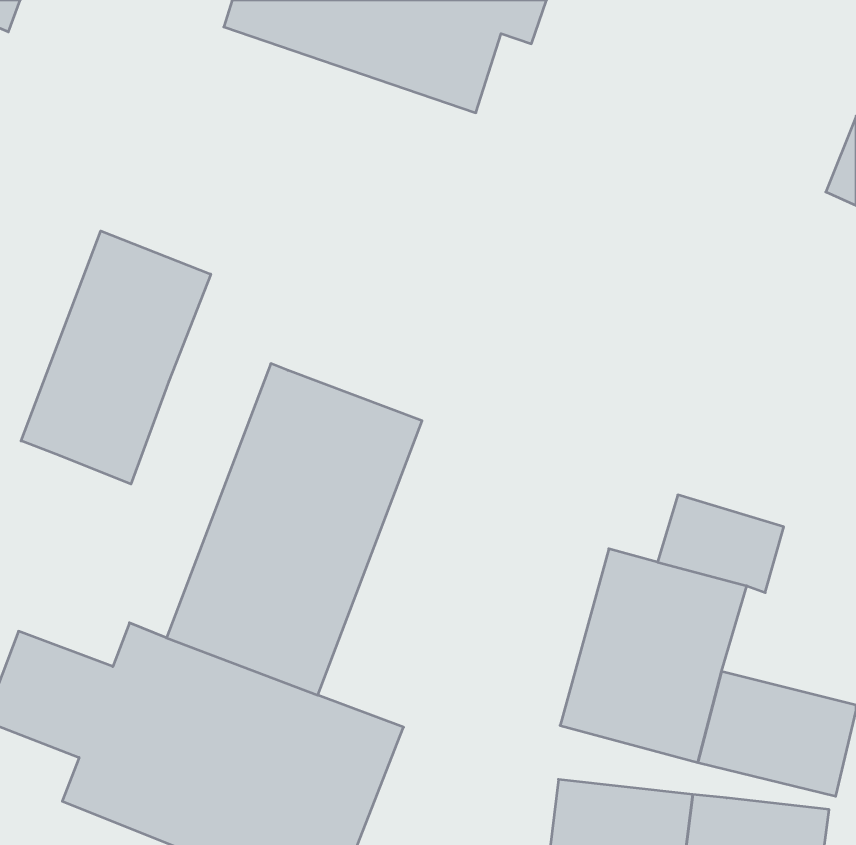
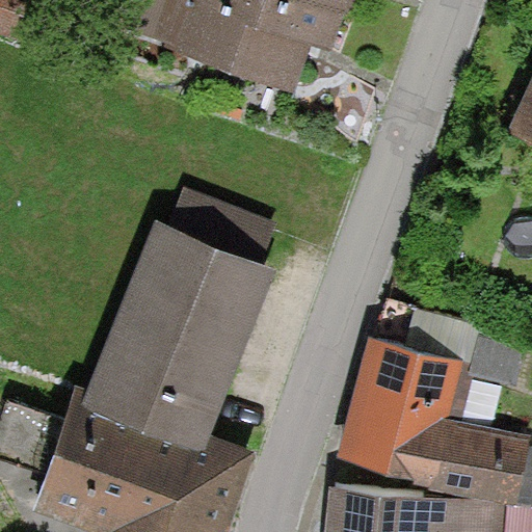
building: [21,231,211,484] -> none
building: none -> [178,196,276,269]

